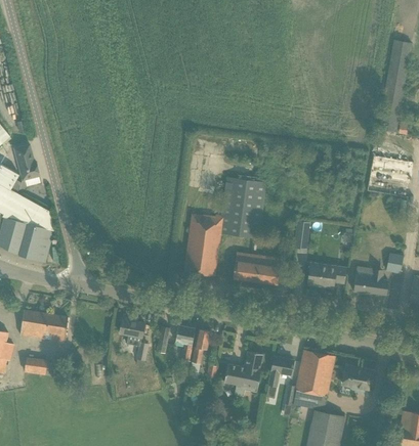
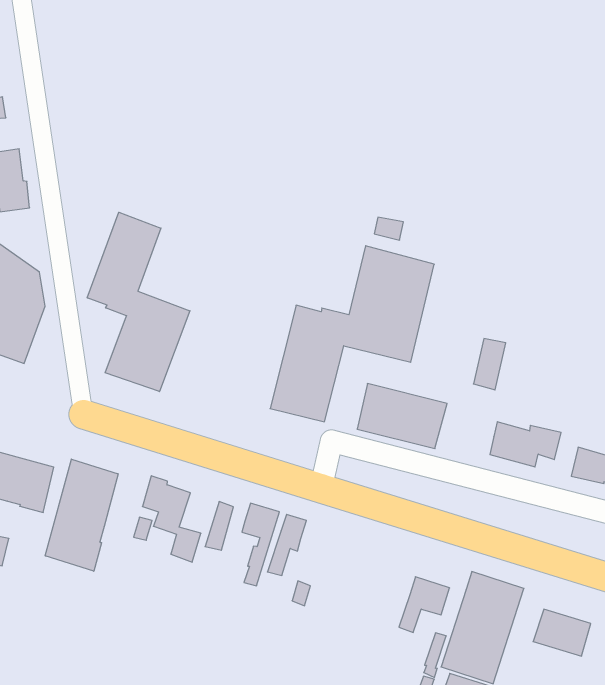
building: none -> [87,212,190,392]
building: none -> [45,459,118,571]
building: [223,351,262,395] -> none

